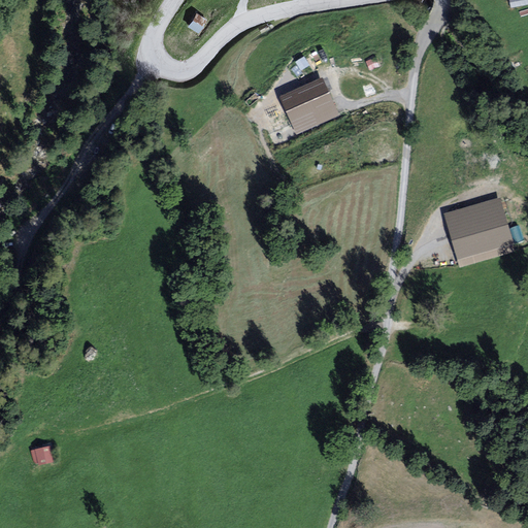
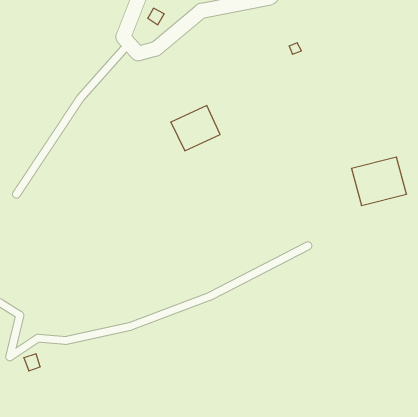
building: [277,77,339,134] -> [171,106,220,151]

